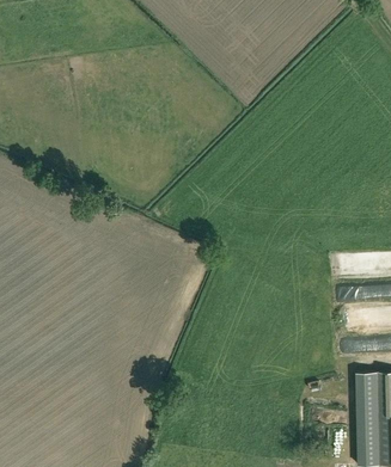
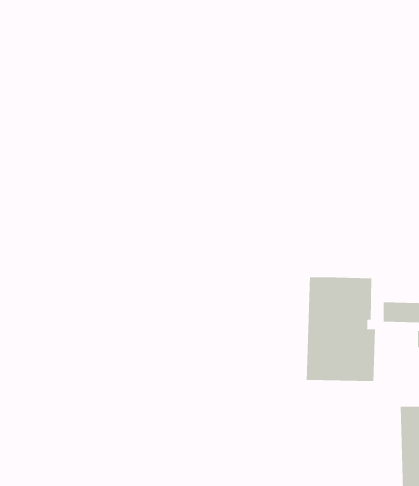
building: none -> [306,277,376,382]

